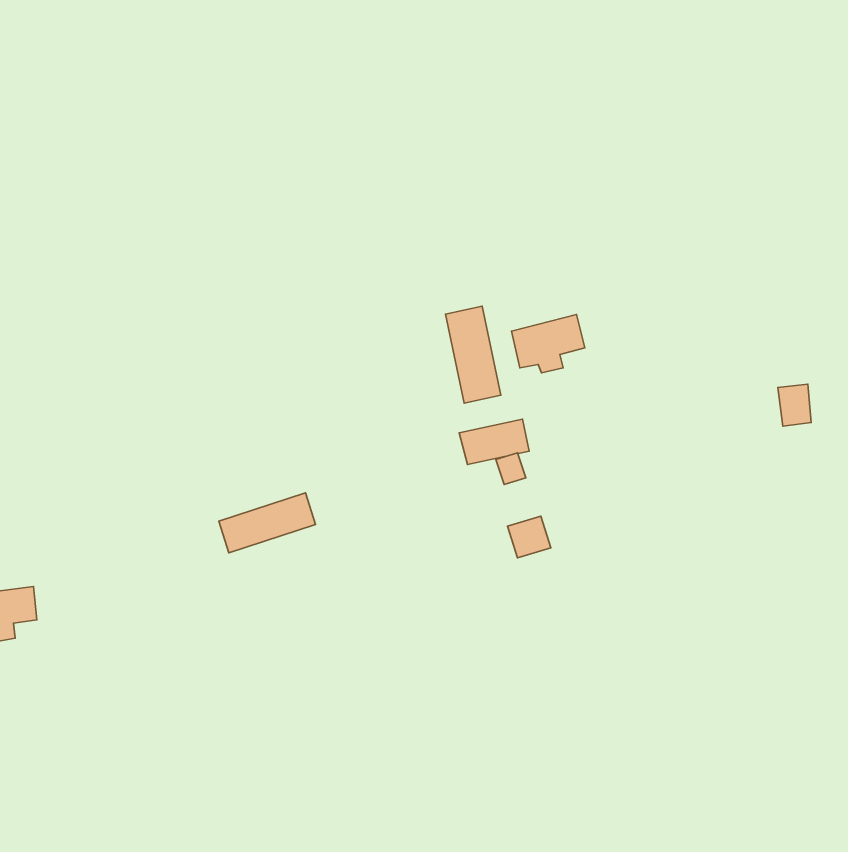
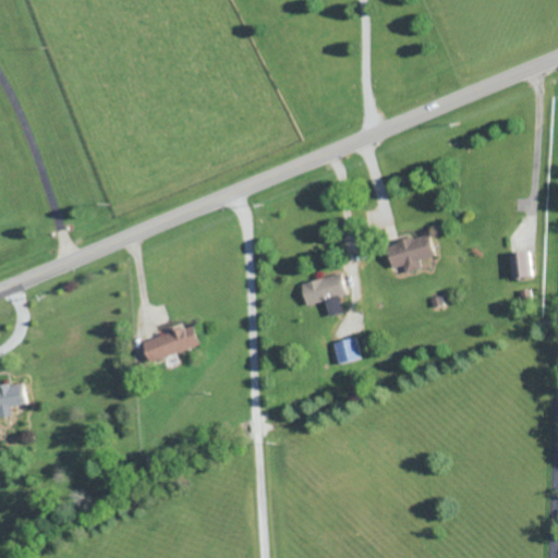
building: [446,306,501,403] -> none
building: [511,314,585,373] -> [386,234,434,272]

